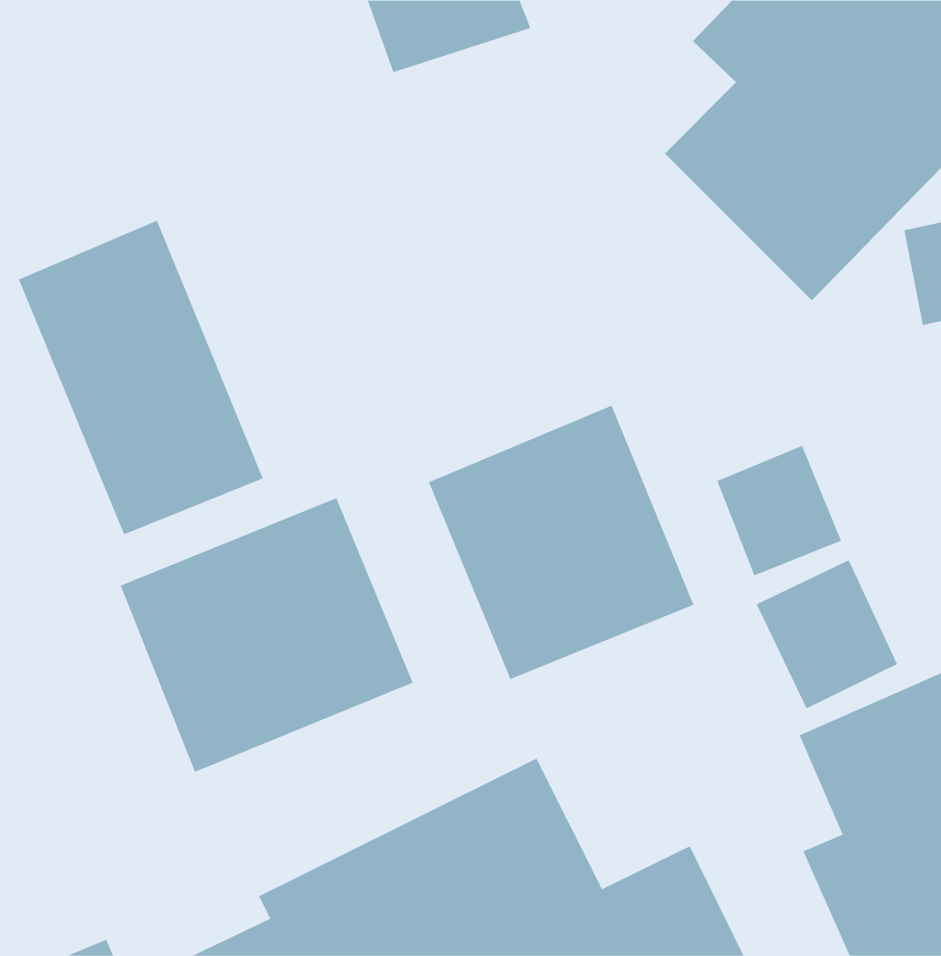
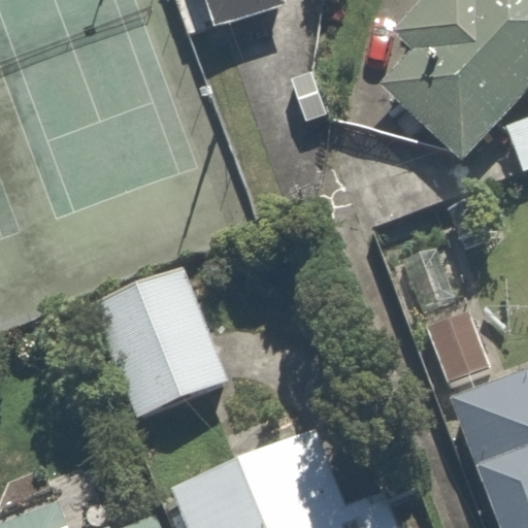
building: [18,220,264,535] -> none
building: [428,405,694,680] -> none

